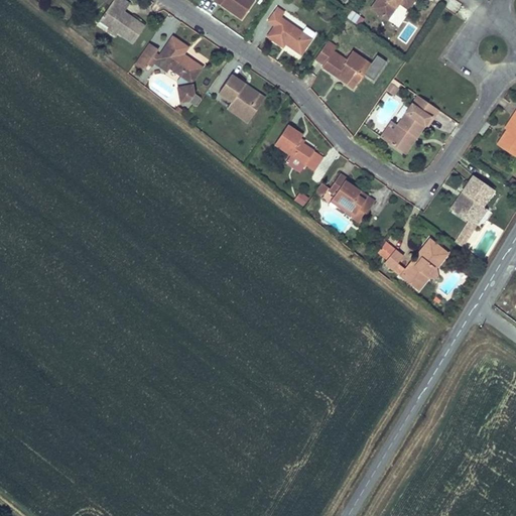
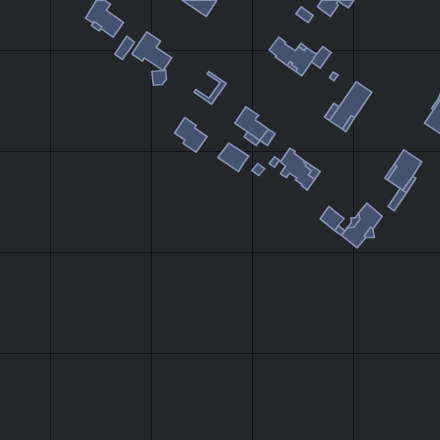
building: [267,8,311,54] -> none
building: [220,75,258,115] -> [175,118,207,152]
building: none -> [218,143,249,172]

